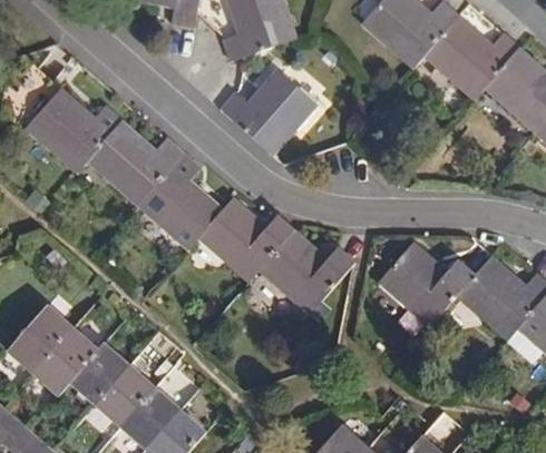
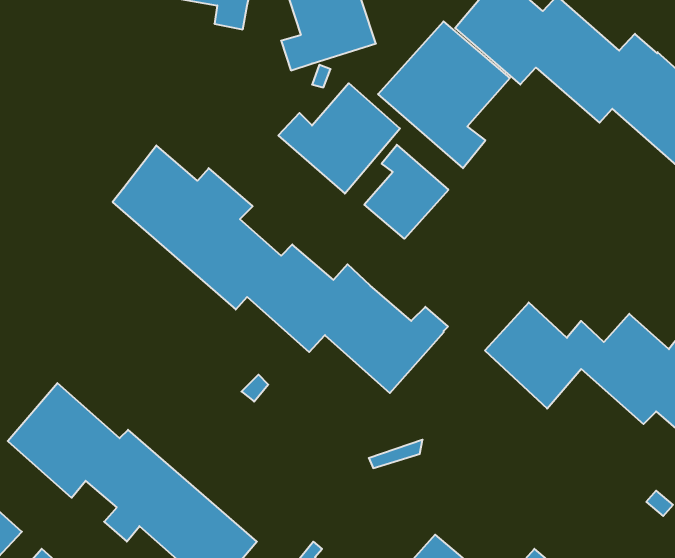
building: none -> [378,21,510,168]
building: [29,88,125,175] -> none
building: none -> [364,145,448,239]

